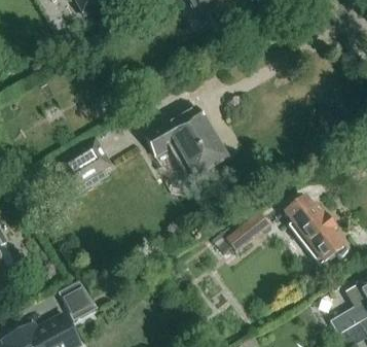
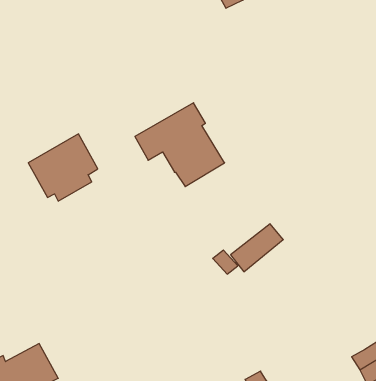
building: [289,197,344,262] -> none
building: [59,281,97,319] -> none

